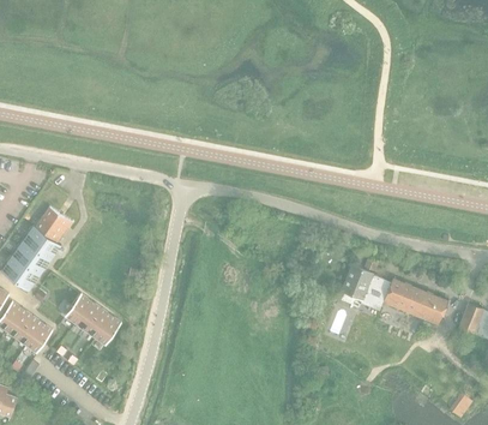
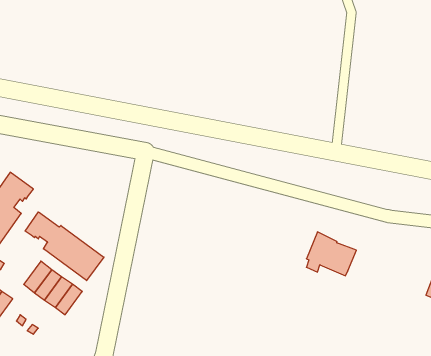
building: none -> [25,212,104,281]
building: [382,279,447,325] -> none

